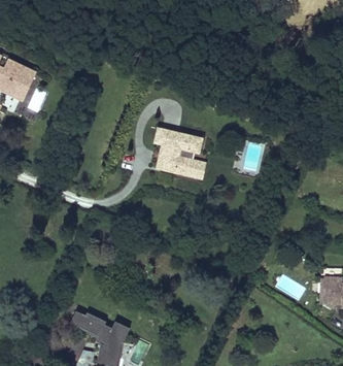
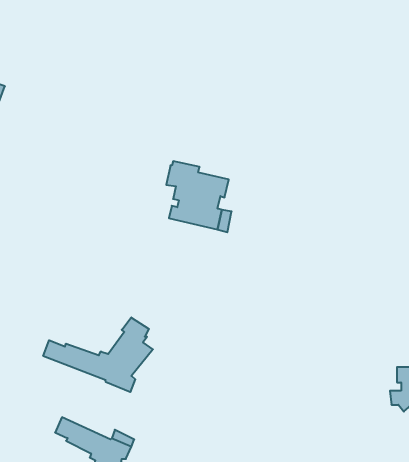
building: none -> [43,317,153,392]

